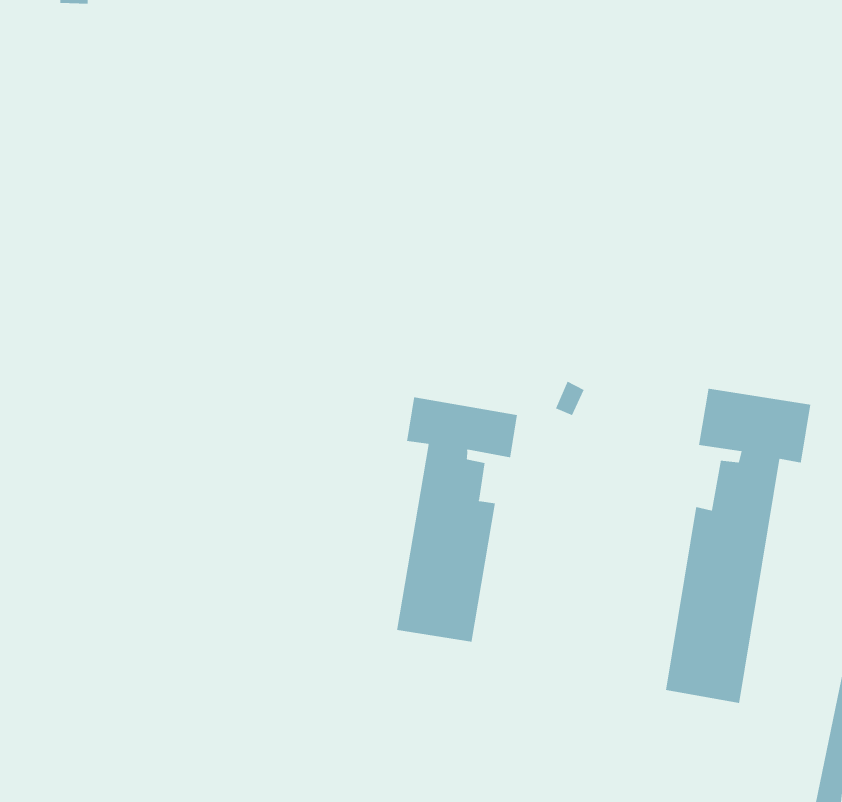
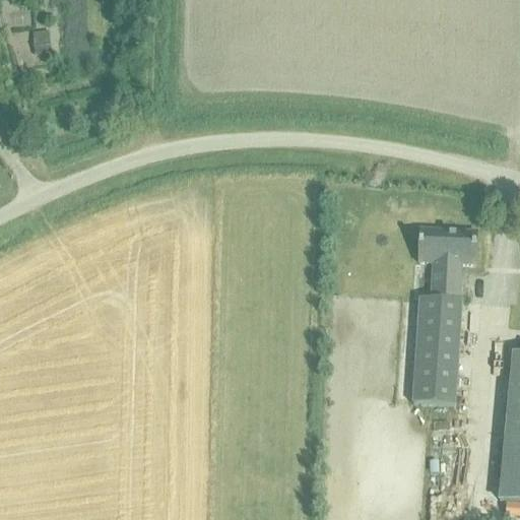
building: [397,397,518,643] -> none

